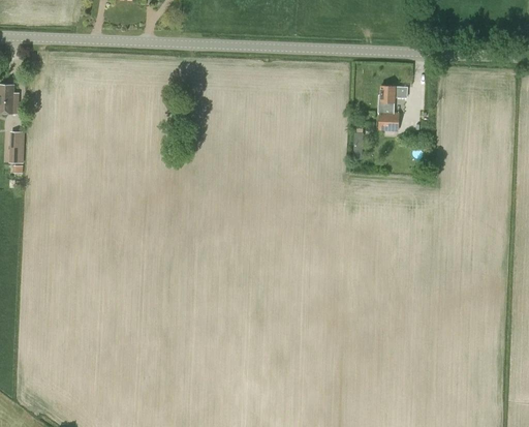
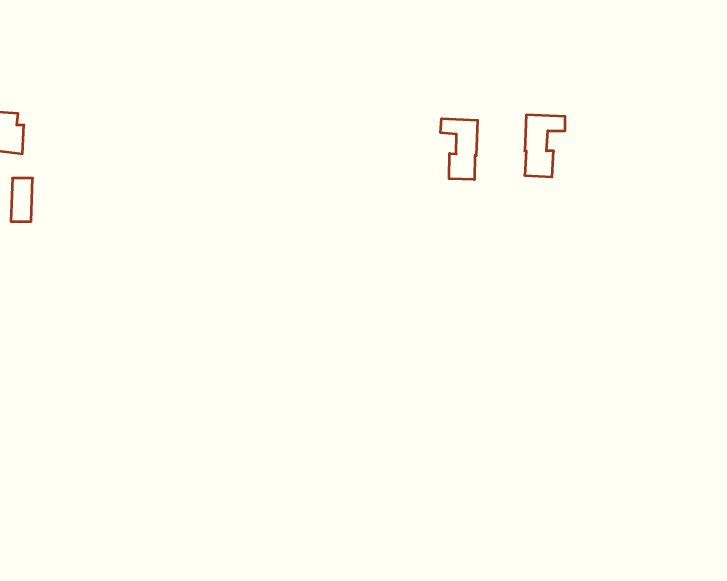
building: none -> [441,119,478,180]

